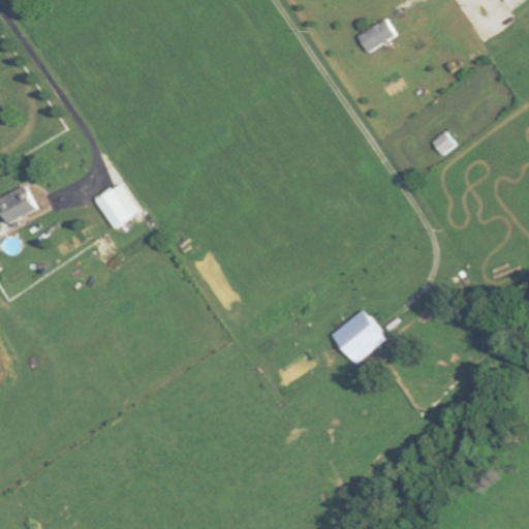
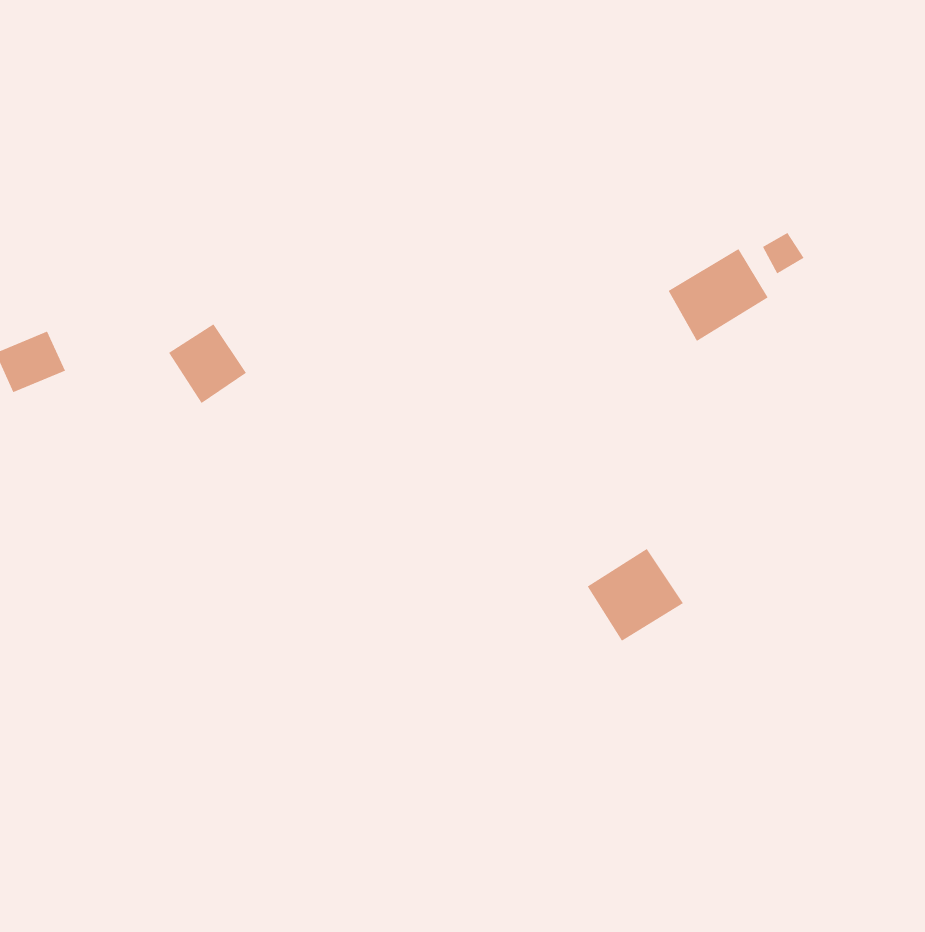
building: [355,18,394,52] -> none
building: none -> [668,248,769,342]

